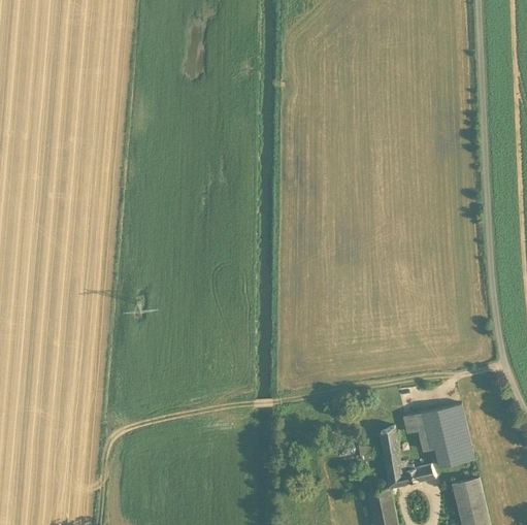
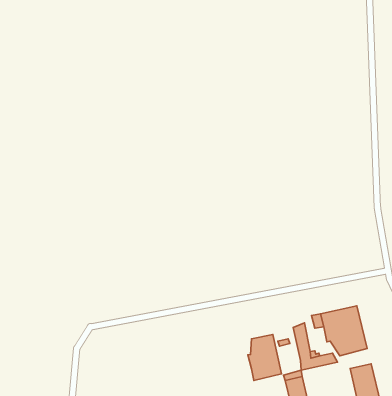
building: none -> [248,335,282,381]

